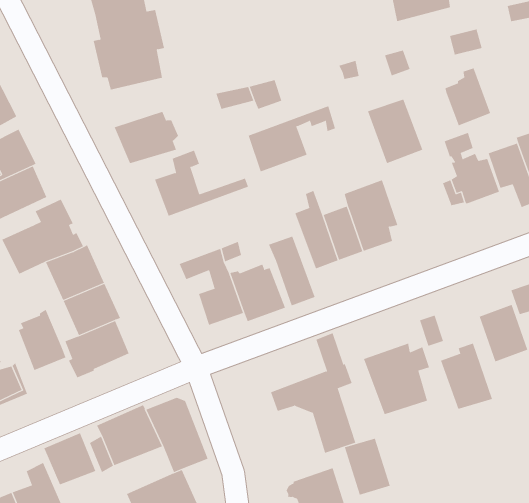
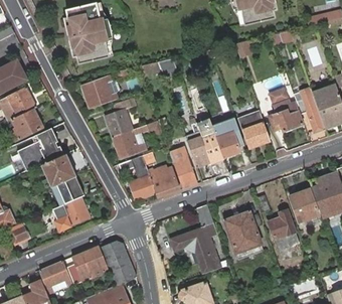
building: [445,68,491,126] -> none
building: [367,99,423,164] -> [237,112,270,149]
building: [248,106,336,172] -> [112,121,162,159]
building: [18,309,66,371] -> none
building: [344,438,391,495] -> none

